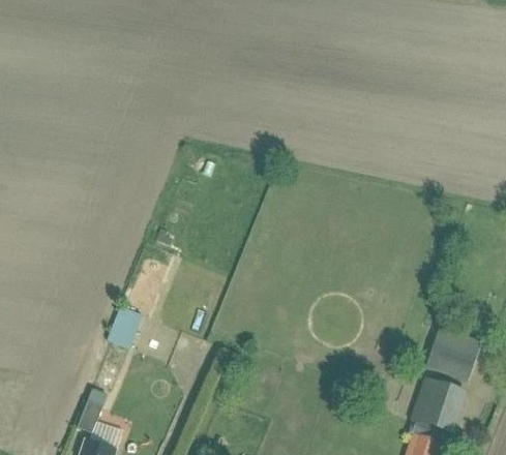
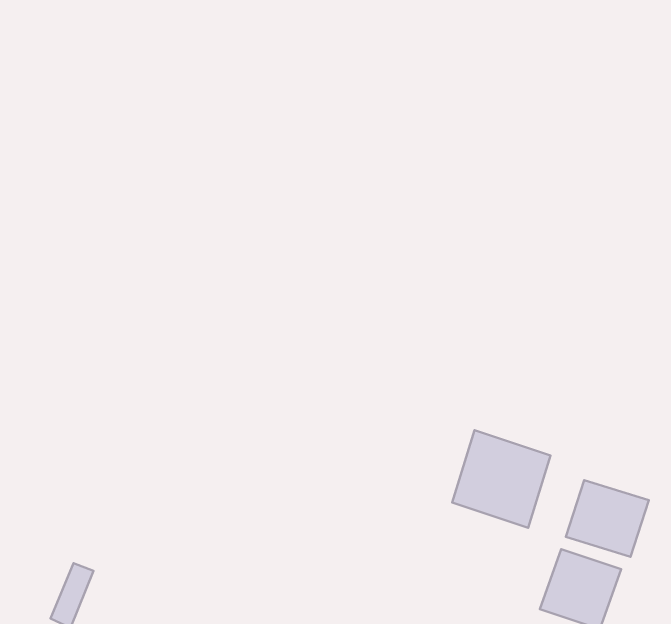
building: none -> [452,430,551,528]
building: [109,306,143,345] -> none

